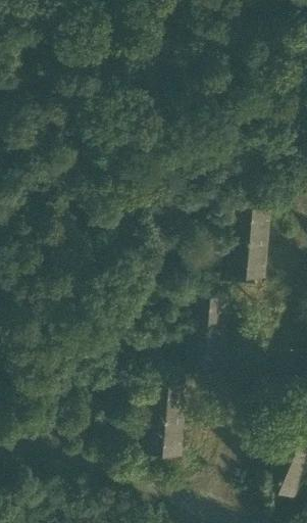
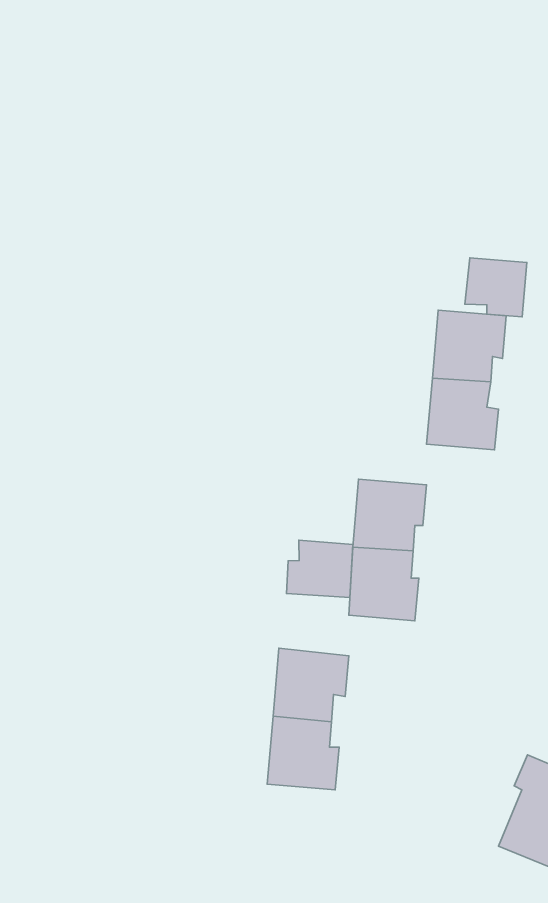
building: none -> [465,258,527,317]
building: none -> [286,540,353,597]

